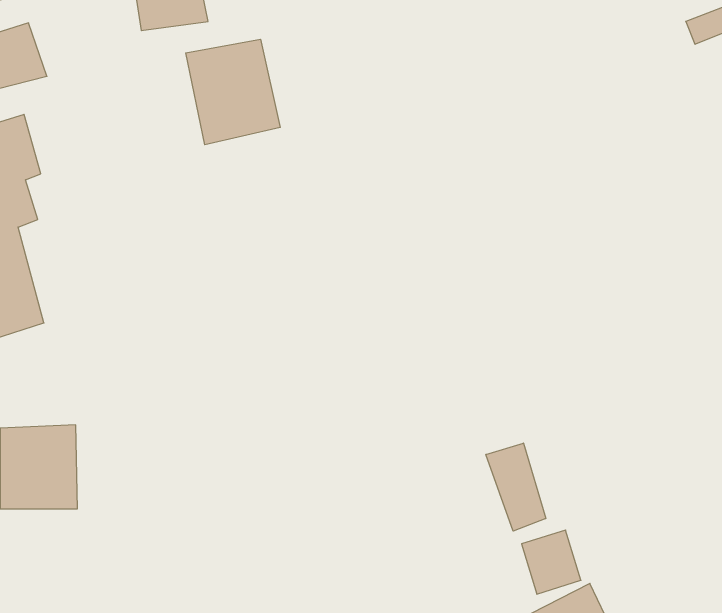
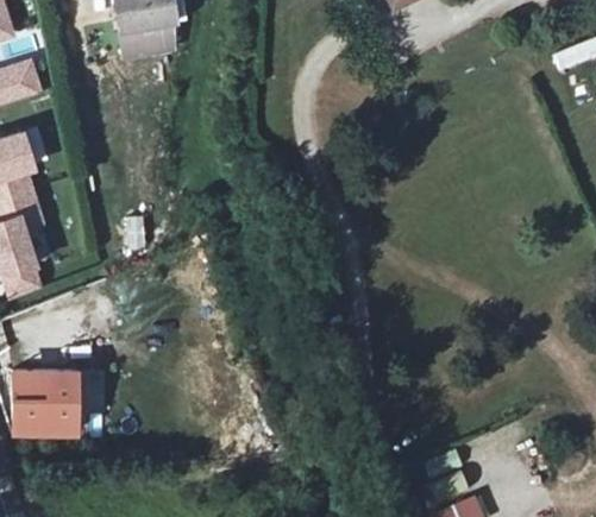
building: [186,39,280,145] -> none
building: [486,443,546,531] -> none

